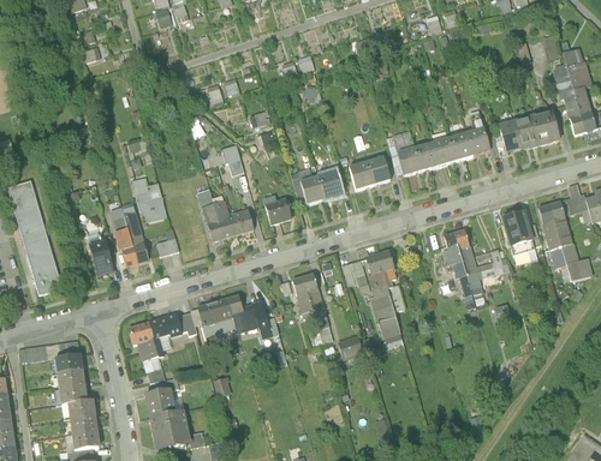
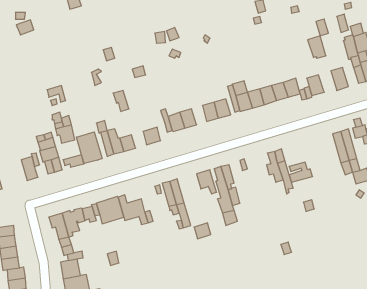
building: [517,116,543,149] -> [308,36,326,58]
building: none -> [76,132,102,164]
building: [501,212,535,256] -> none

